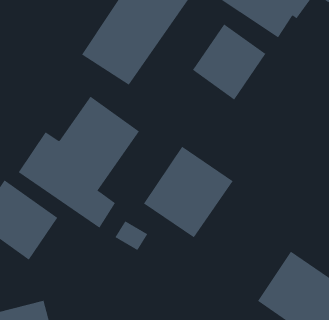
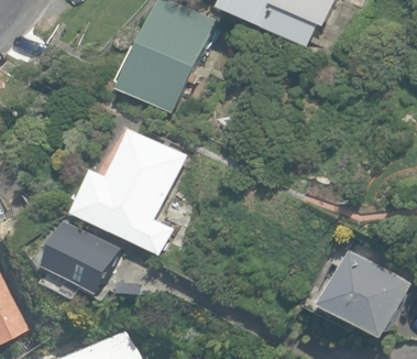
building: [192,23,266,100] -> none
building: [143,146,234,238] -> none

